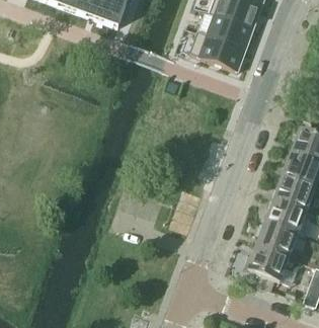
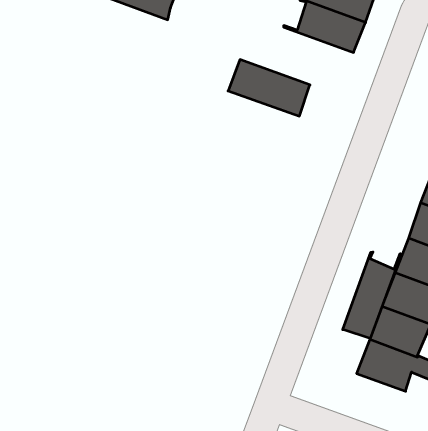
building: [189,32,245,71] -> [228,60,310,116]
building: none -> [343,252,401,339]

